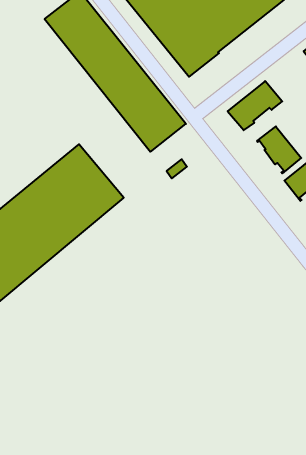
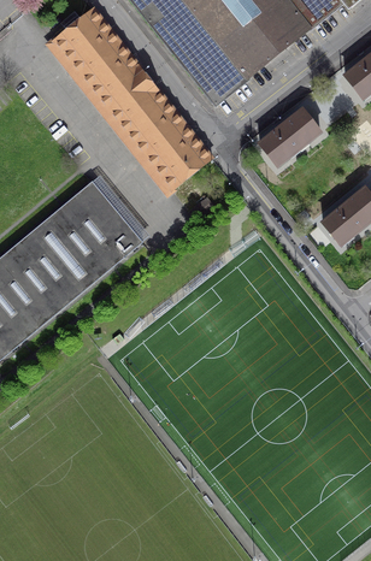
building: [257,126,301,173] -> none

